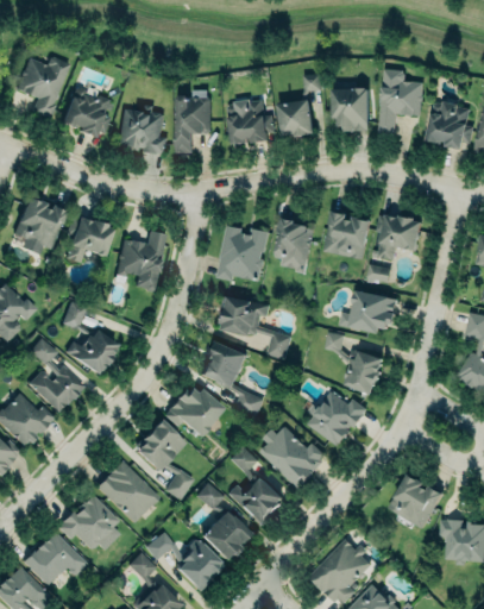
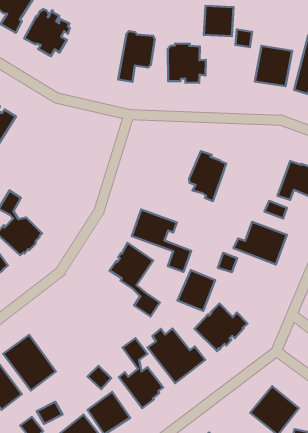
building: [277,101,313,138] -> [204,6,233,36]
building: [118,107,165,153] -> none
building: [322,211,372,260] -> none
building: [65,219,114,263] -> none
building: [216,226,269,282] -> none
building: [115,231,165,293] -> none
building: [342,351,382,395] -> [178,270,215,311]
building: [165,385,225,434] -> none
building: [133,420,193,501] -> none

